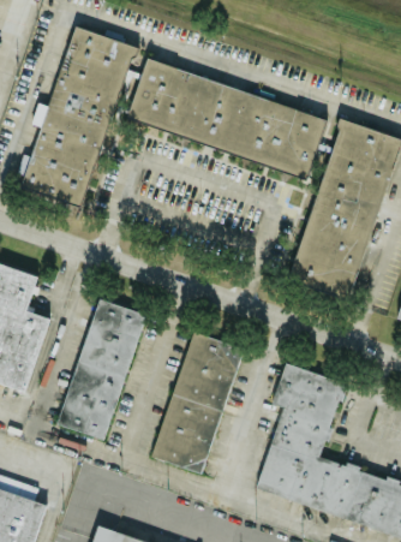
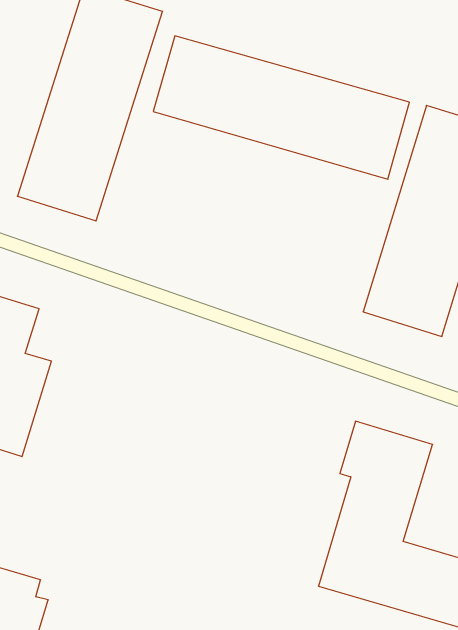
building: [58,298,144,441] -> none
building: [151,332,243,473] -> none

